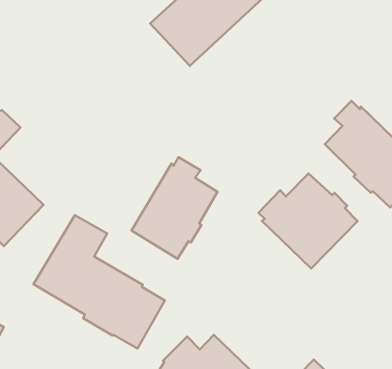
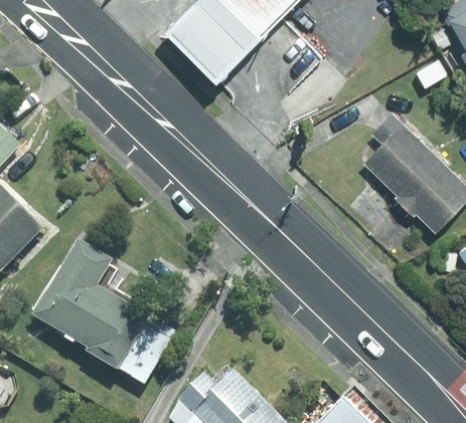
building: [131,157,218,259] -> none
building: [258,173,358,268] -> none

